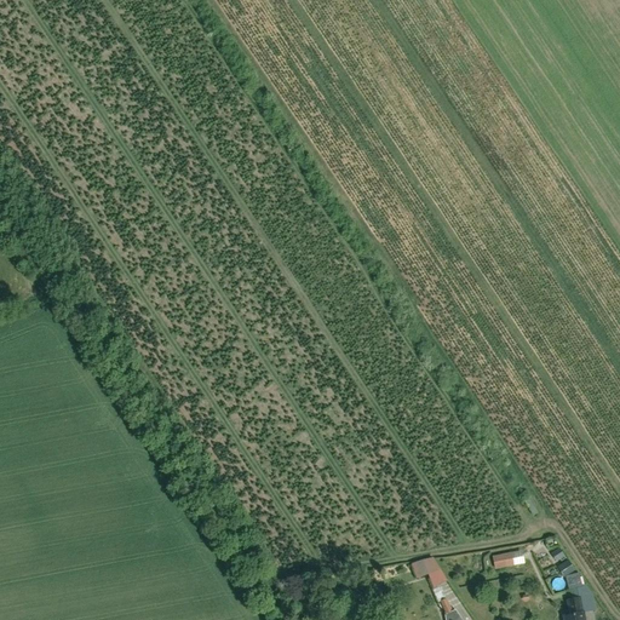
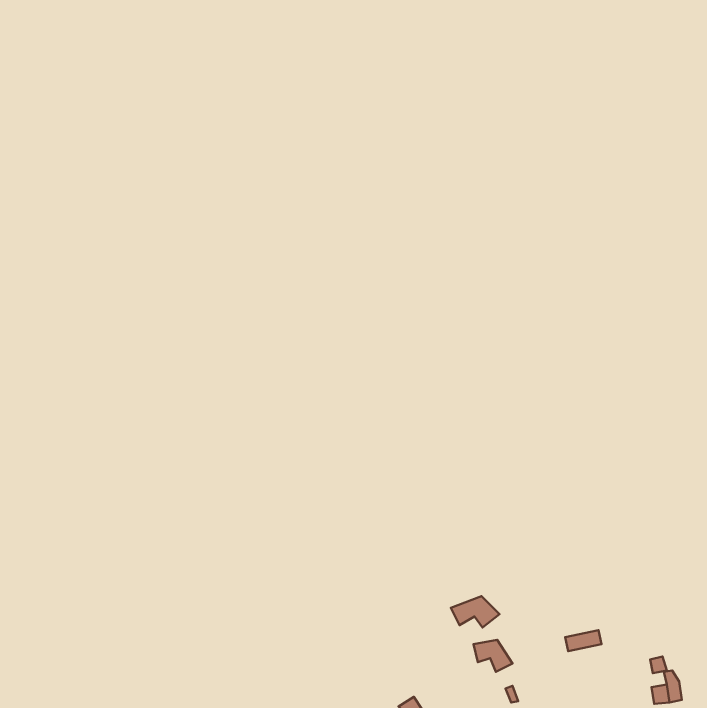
building: none -> [451,596,499,628]

